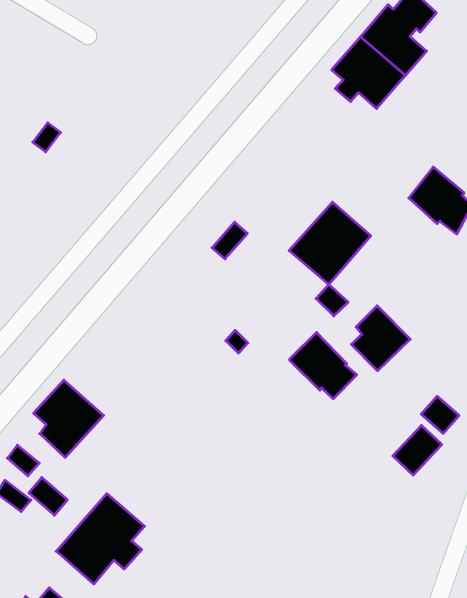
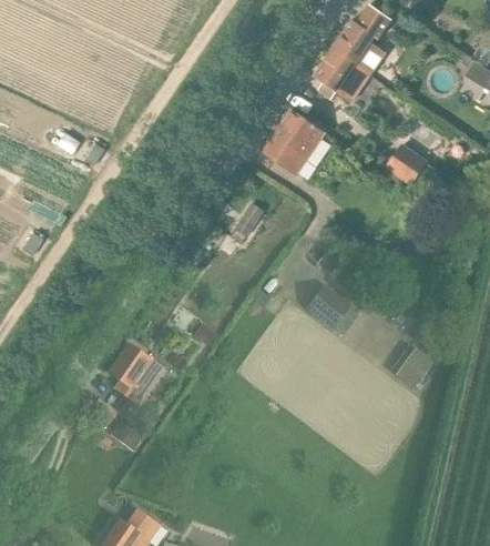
building: [289,202,371,285] -> [261,108,324,173]
building: [351,306,410,371] -> none
building: [56,494,145,584] -> none

